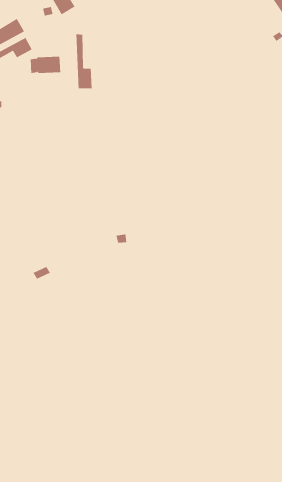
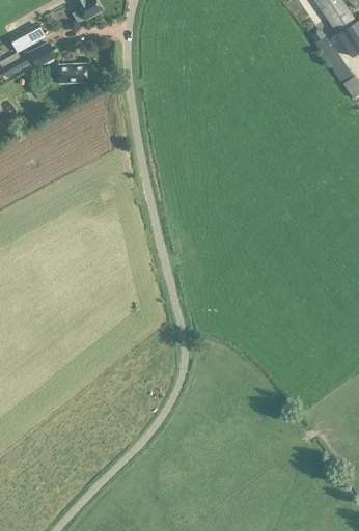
building: [76,34,92,89] -> none

